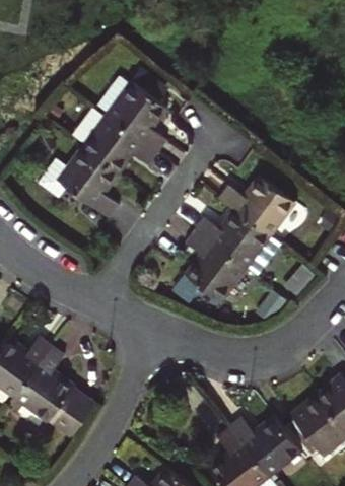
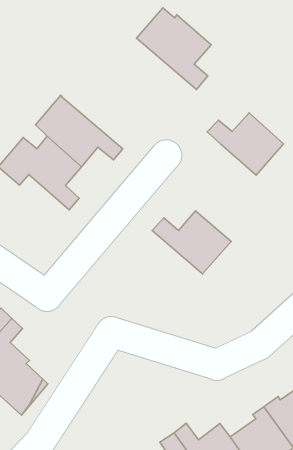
building: [93,83,166,160] -> [136,8,211,90]
building: [216,183,291,242] -> [207,113,284,175]
building: [181,237,241,308] -> none

